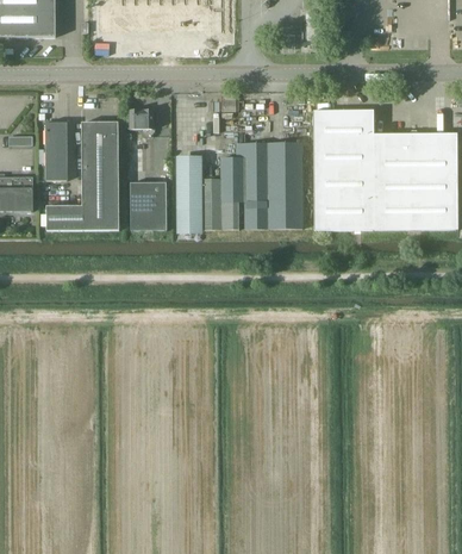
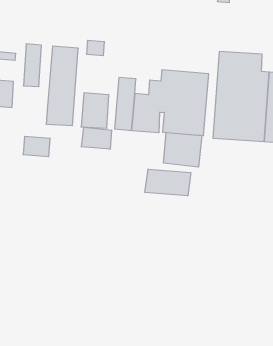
building: [46,205,82,230] -> [23,136,50,157]
building: none -> [164,132,202,167]
building: none -> [81,127,112,149]
building: none -> [145,169,191,196]

